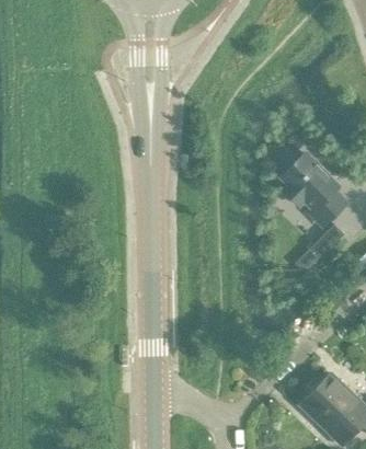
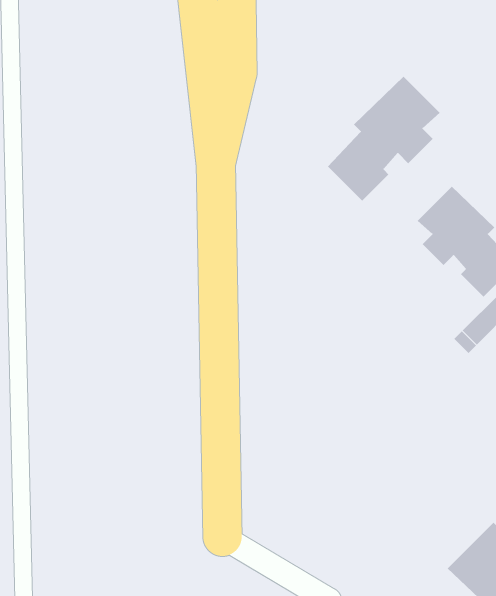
building: none -> [327,76,440,202]

